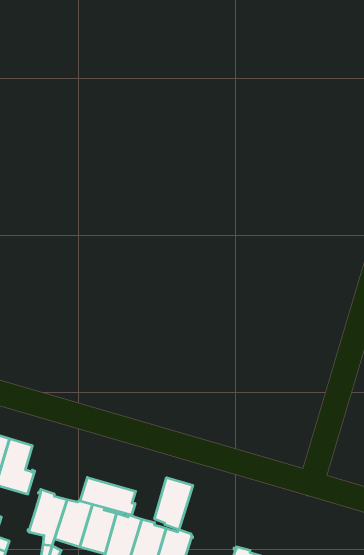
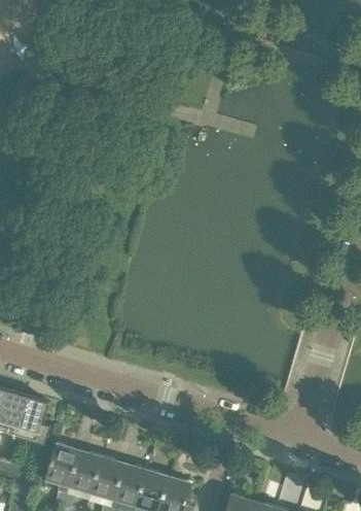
building: [80,477,136,515] -> none
building: [155,478,193,530] -> none

